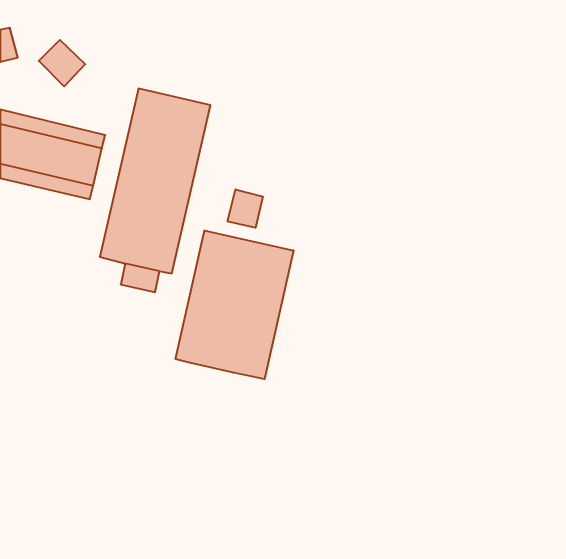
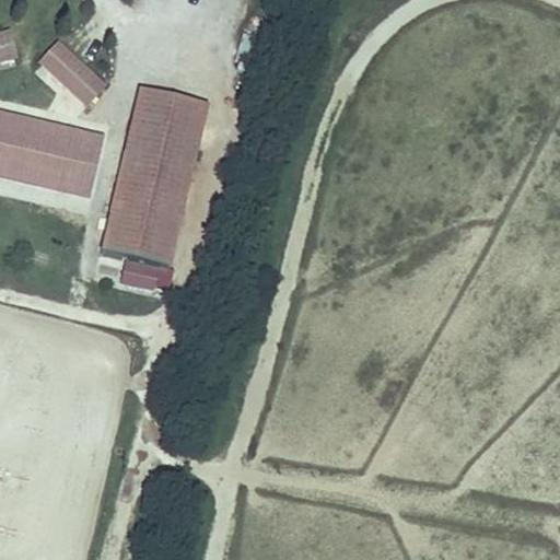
building: none -> [63,63,106,106]
building: [228,189,263,228] -> none
building: [176,230,294,379] -> none

